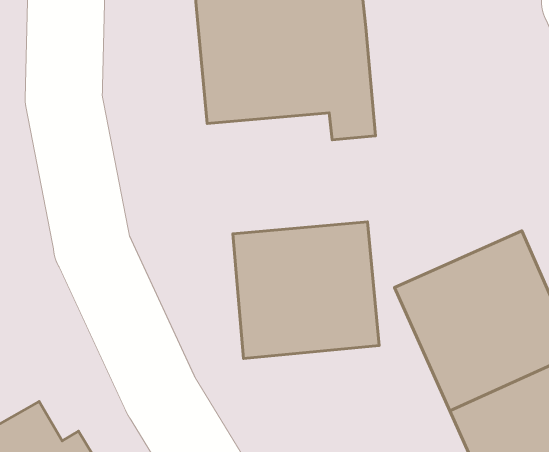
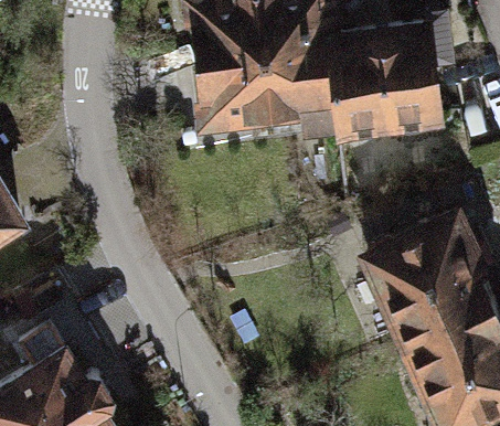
building: none -> [332,29,451,127]
building: [233,222,379,358] -> none

